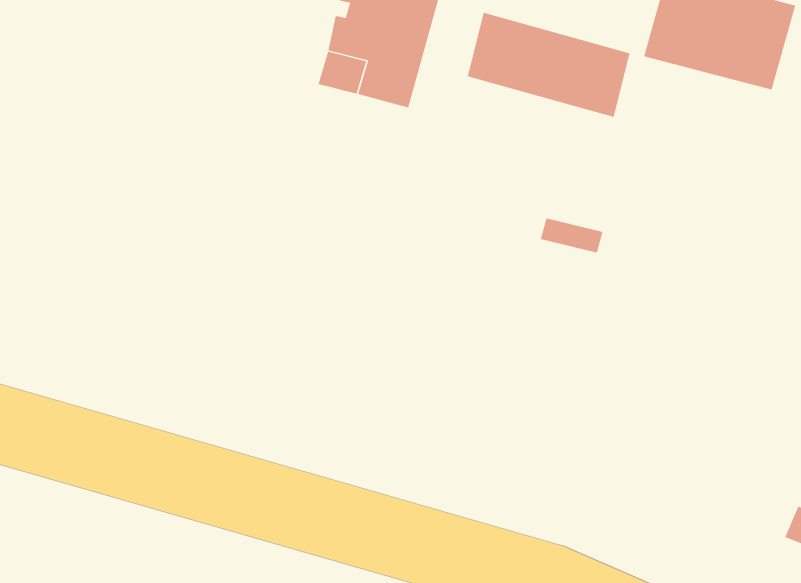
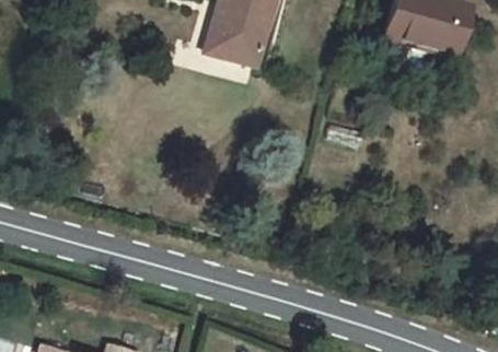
building: [467,12,631,118] -> none

